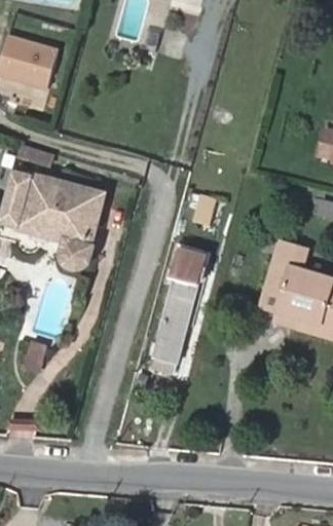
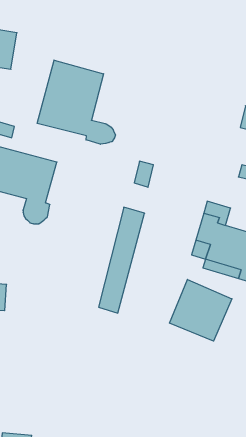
building: none -> [37,60,115,144]
building: none -> [170,279,232,341]

